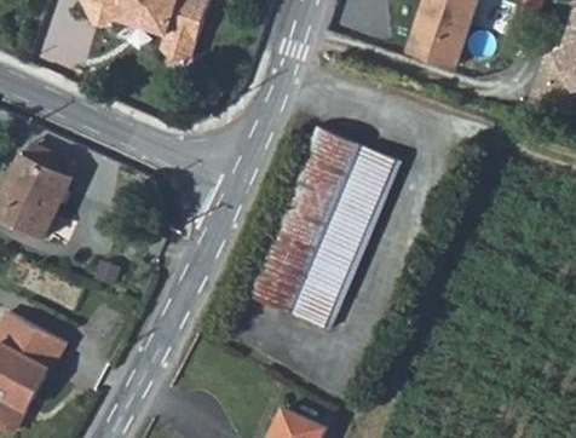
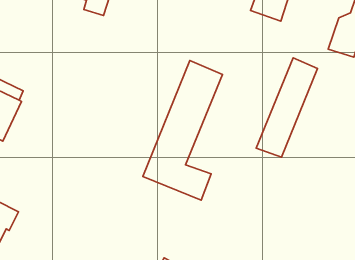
building: [311,143,402,289] -> [256,58,318,157]

